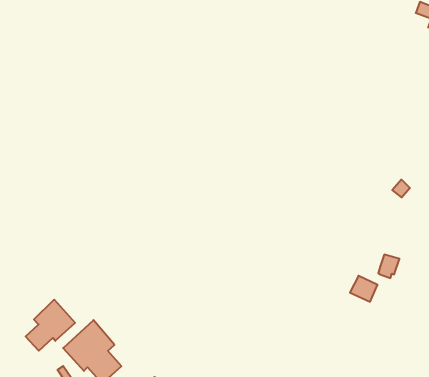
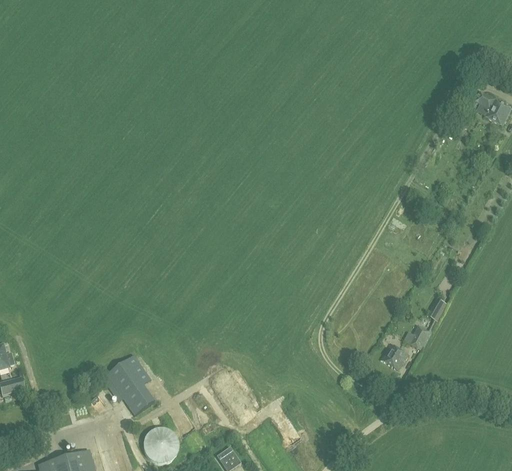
building: [26,300,75,351] -> none

